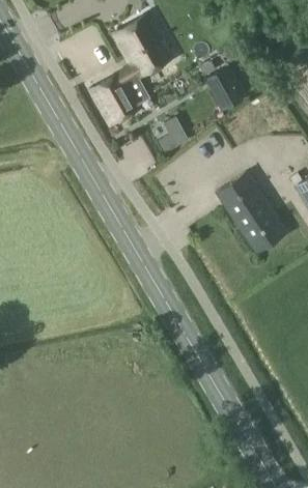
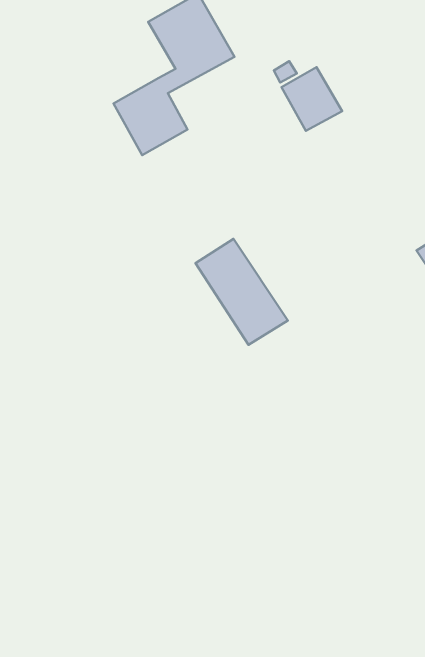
building: [160,116,190,152] -> none
building: [221,176,284,249] -> [196,239,288,345]

